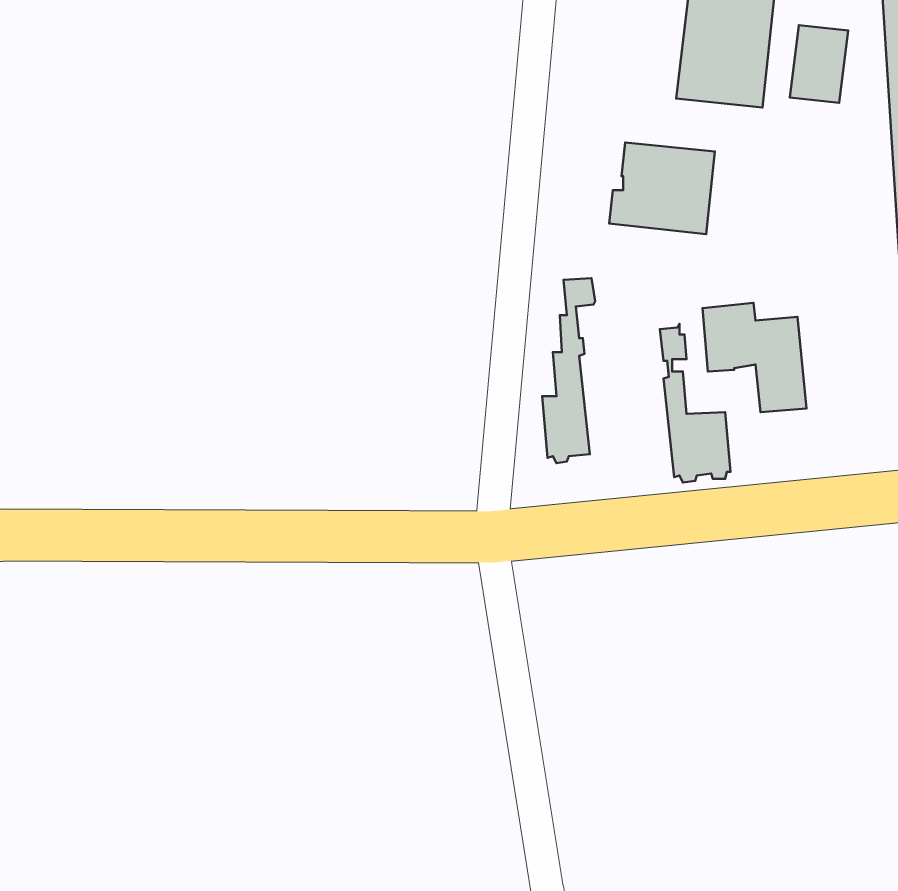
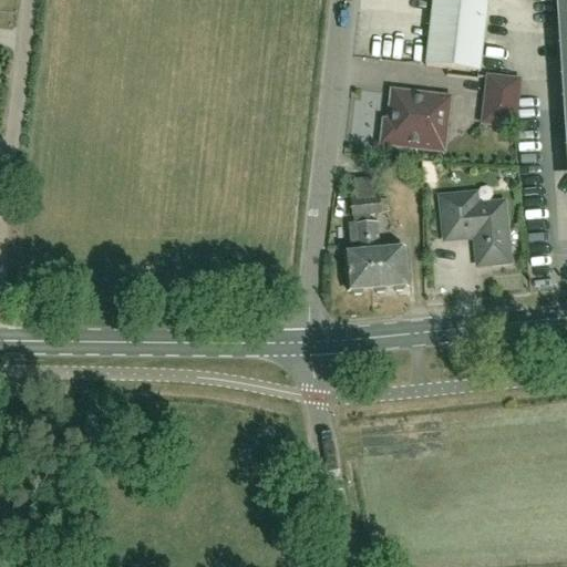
building: [790,25,848,103] -> [484,74,520,123]
building: [660,324,730,482] -> [363,189,408,289]

